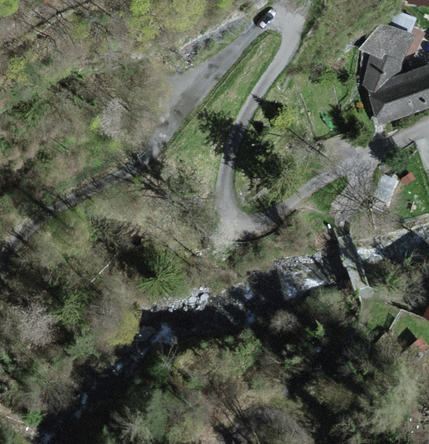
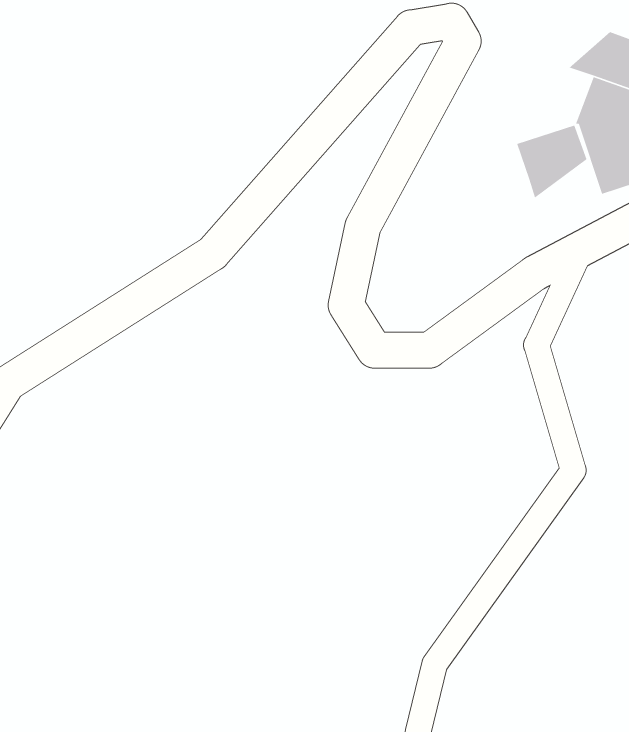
building: none -> [516,125,588,199]

